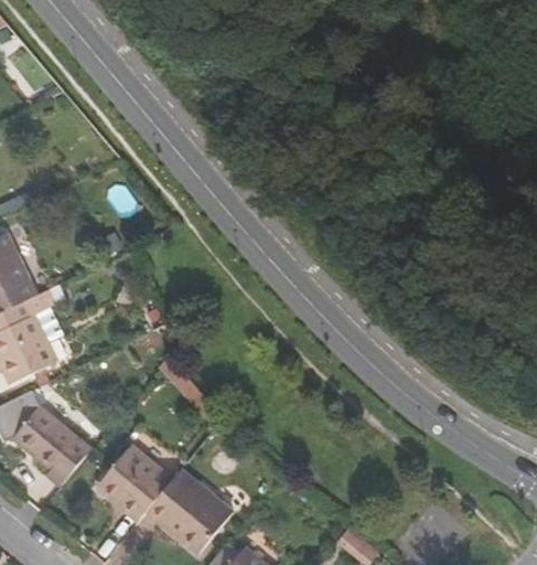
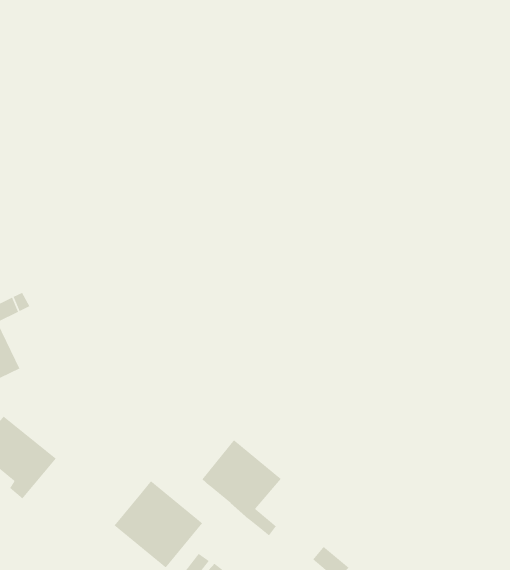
building: none -> [202,439,282,537]
building: [96,445,173,522] -> none

